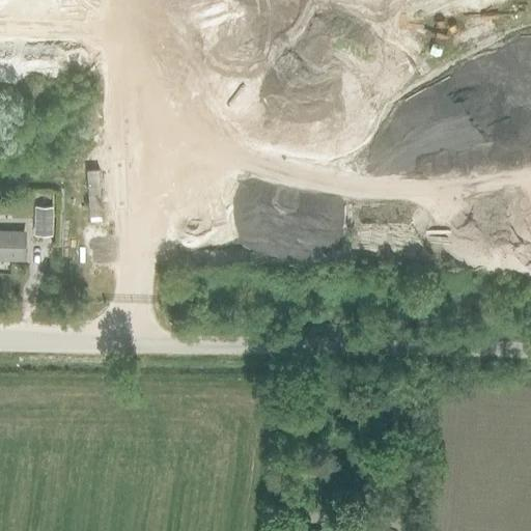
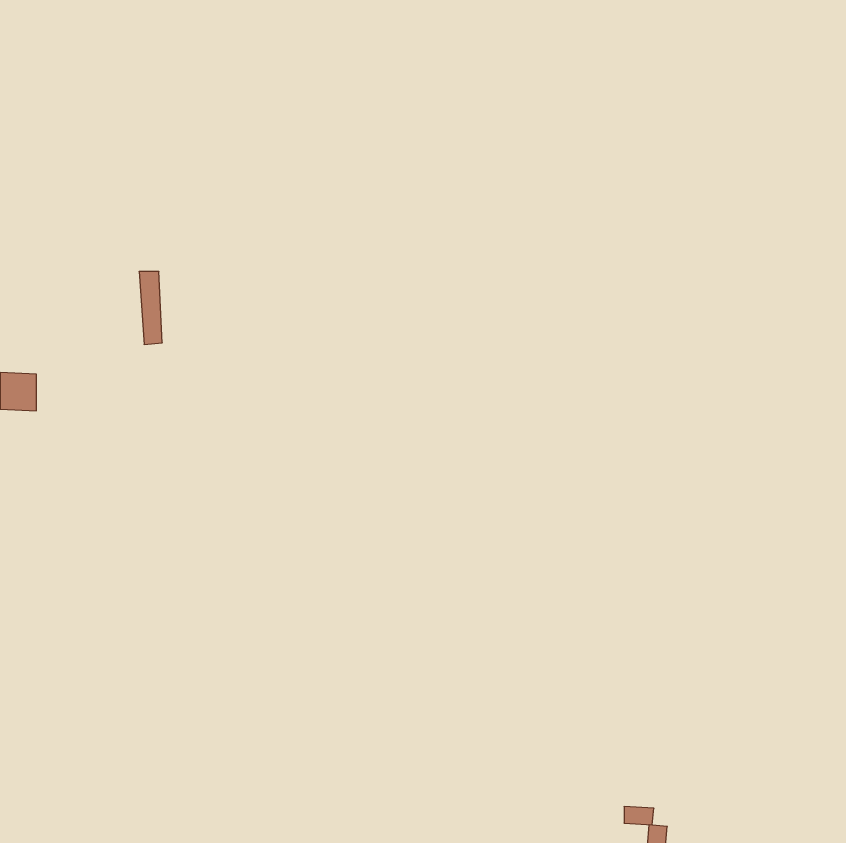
building: [34,208,54,237] -> none

